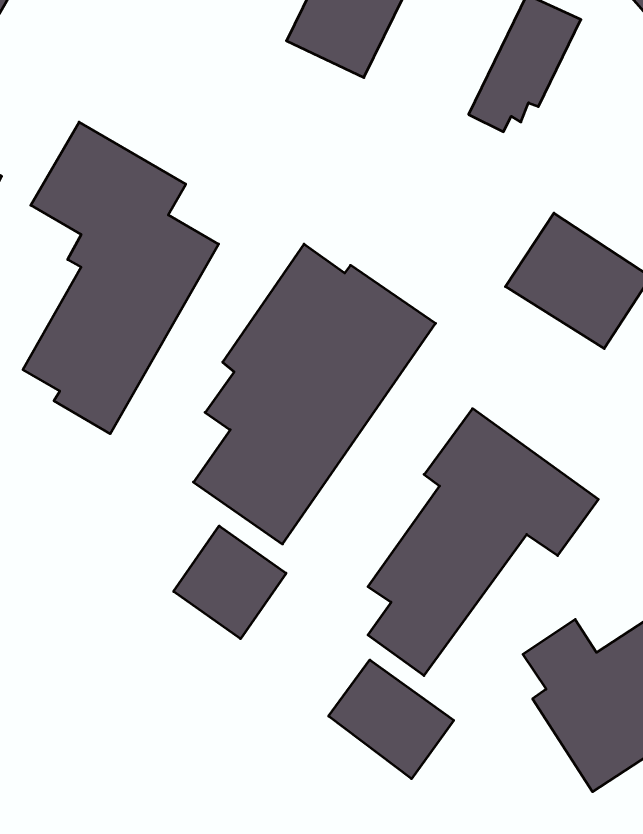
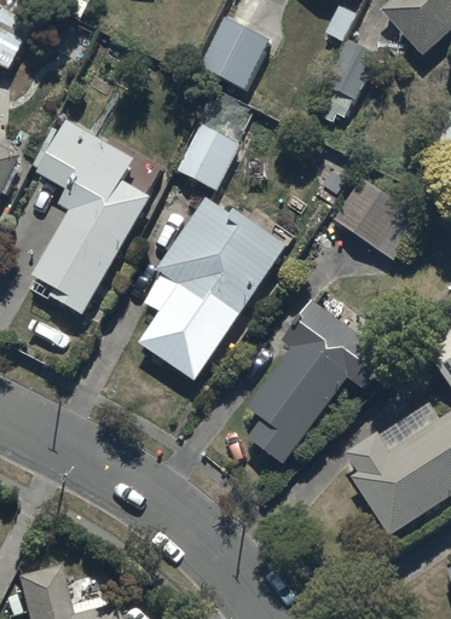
building: none -> [174,125,241,192]
building: [174,526,286,639] -> none
building: [329,660,454,779] -> none

